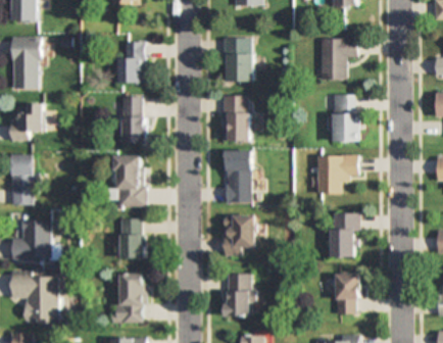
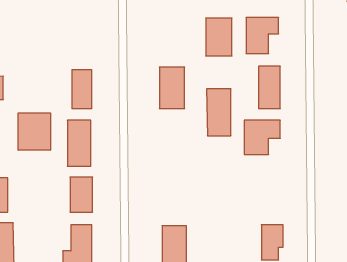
building: [225,39,254,82] -> [206,18,232,56]
building: [120,43,144,85] -> none
building: none -> [18,113,50,150]
building: [225,151,252,204] -> [207,89,231,136]
building: [331,213,357,257] -> none
building: [225,214,257,255] -> none

